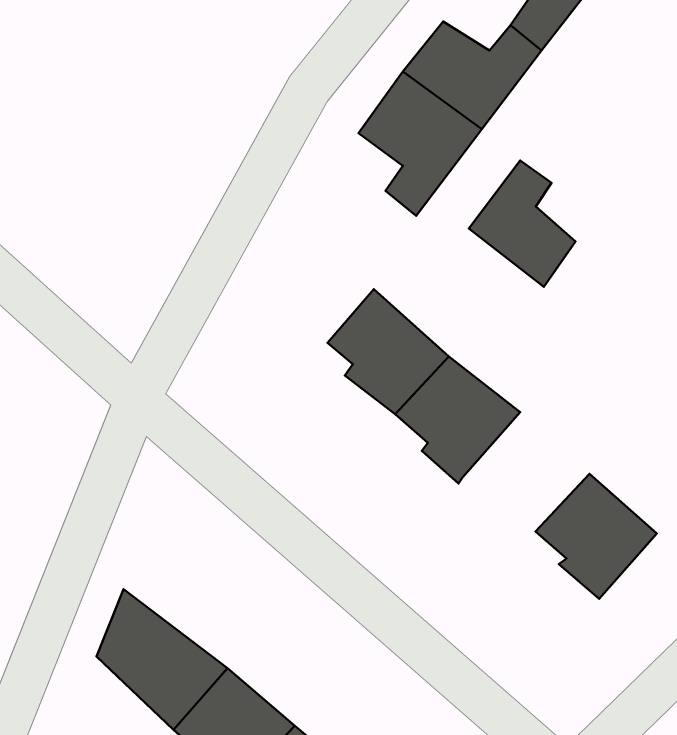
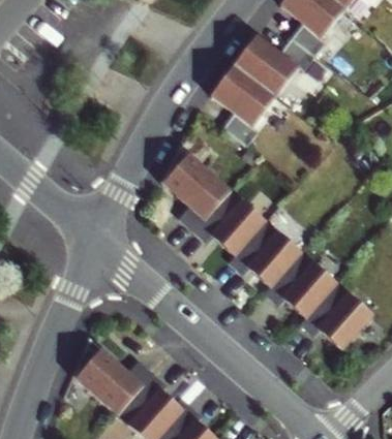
building: [469,161,575,287] -> none
building: none -> [156,149,220,214]
building: none -> [268,246,336,319]

